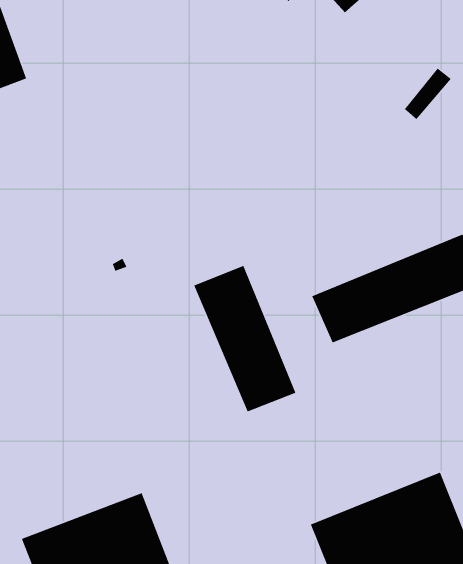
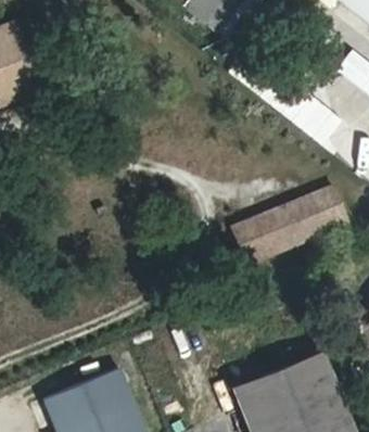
building: [193,265,296,412] -> none

